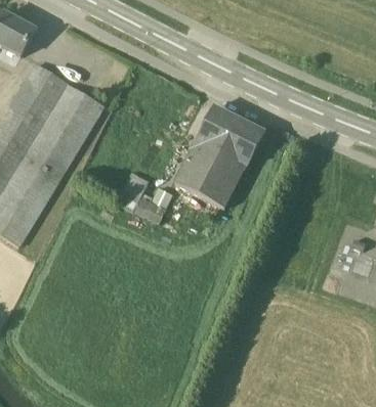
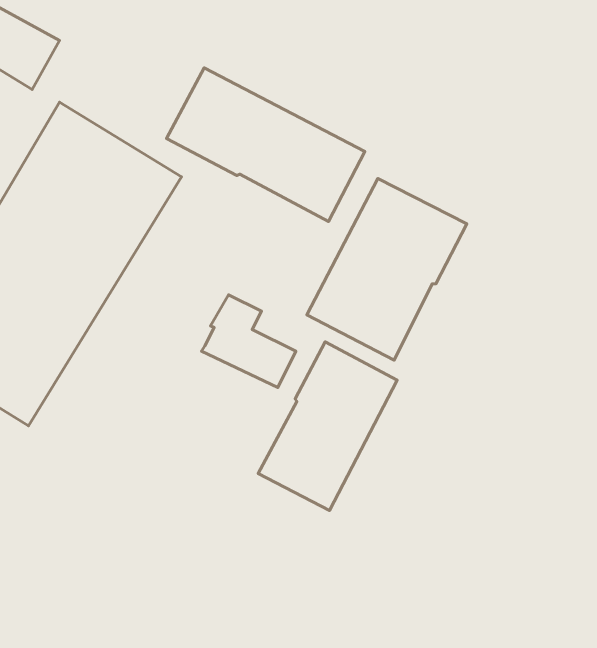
building: none -> [166,68,365,221]
building: none -> [258,342,397,510]

